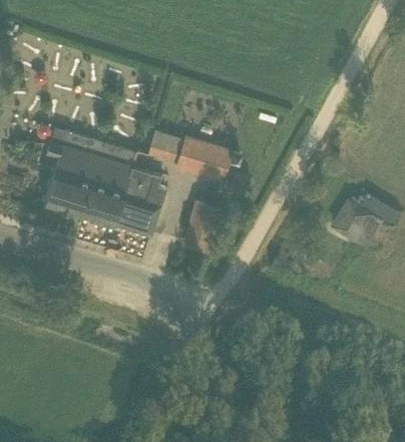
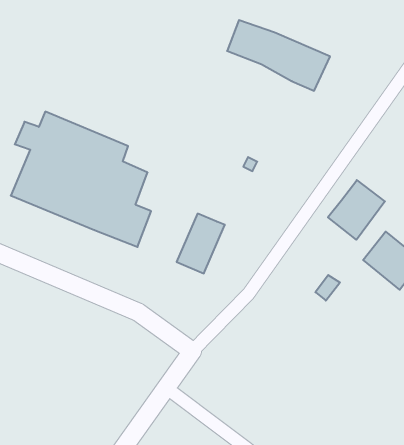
building: [146,128,231,179] -> [227,20,330,91]
building: none -> [328,180,385,240]

